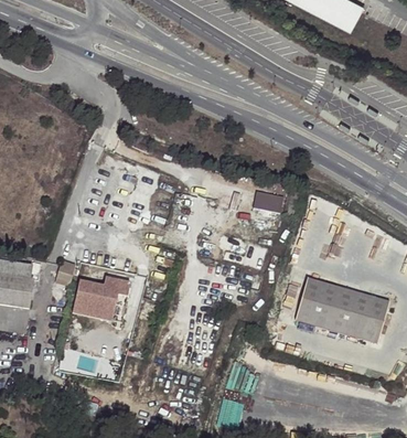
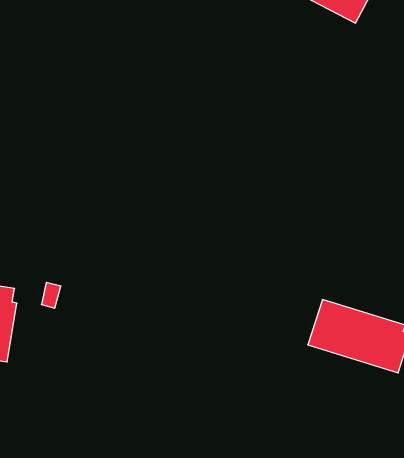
building: [254,191,283,210] -> none
building: [69,274,130,321] -> none

